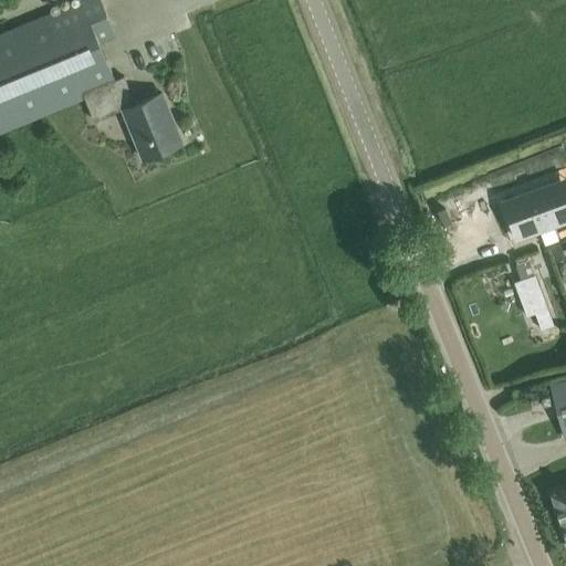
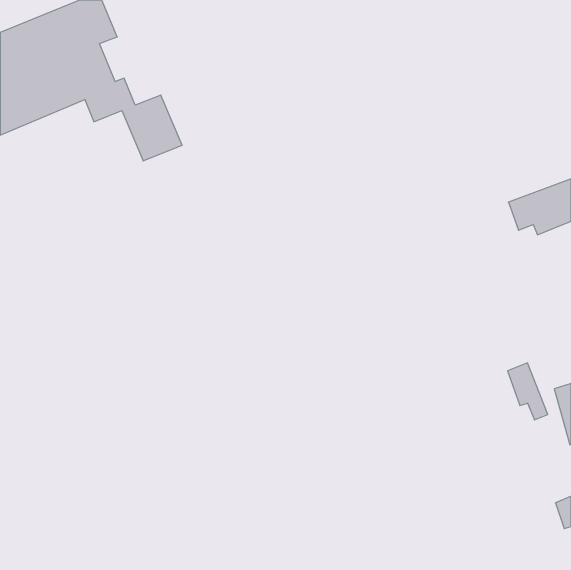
building: [515,275,555,332] -> [508,363,548,420]

